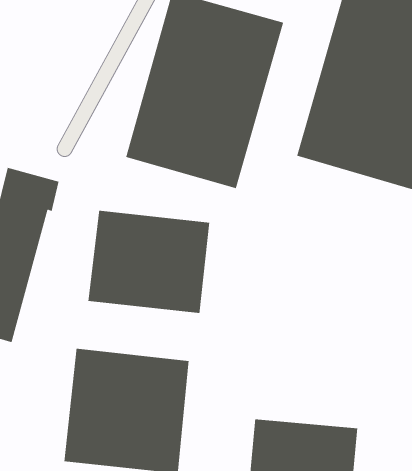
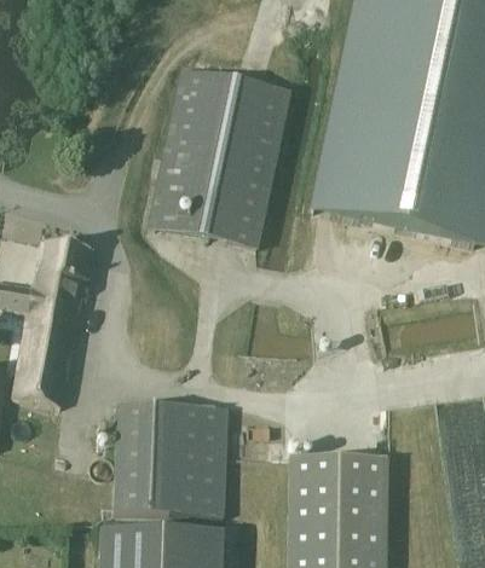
building: [87,210,210,314] -> none

